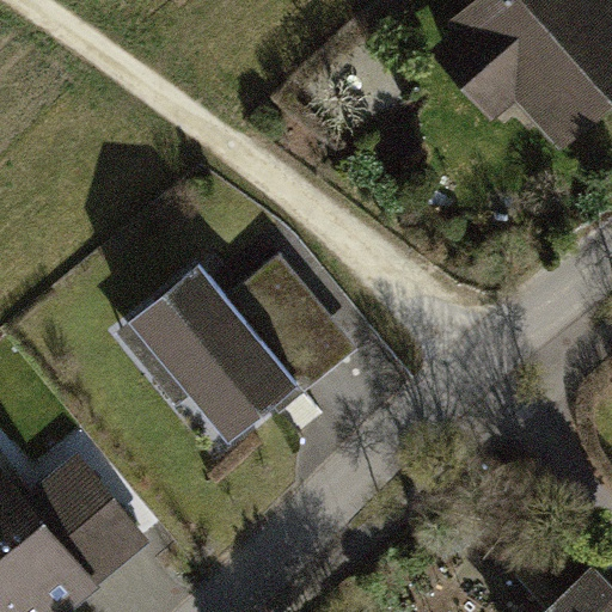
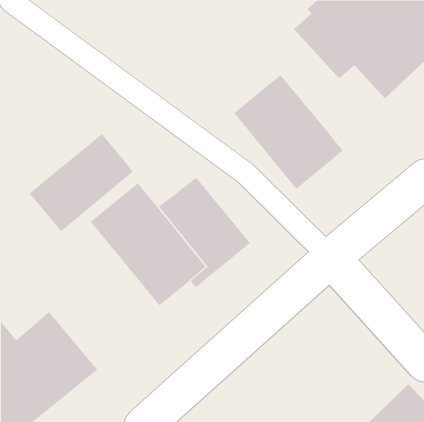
building: none -> [234,75,343,190]
building: none -> [29,133,134,232]

